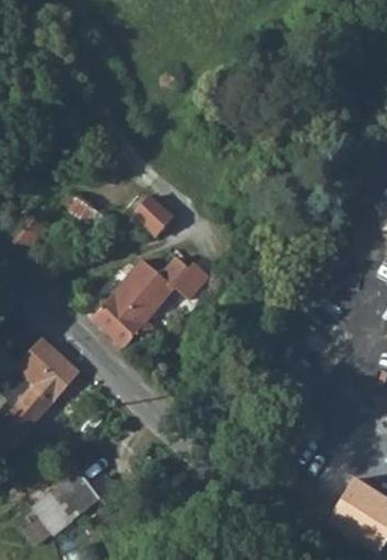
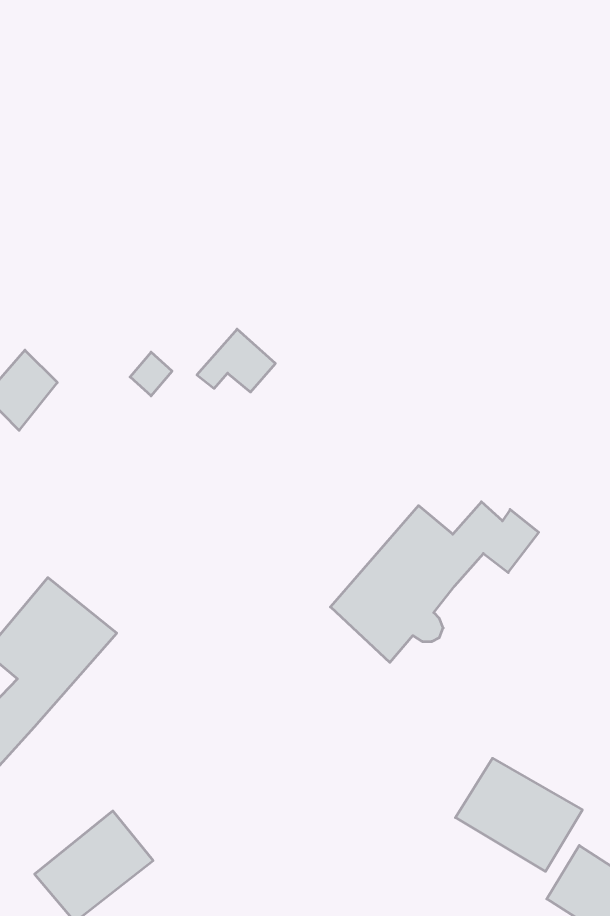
building: [89,255,208,347] -> [330,502,539,662]
building: none -> [455,758,582,871]

